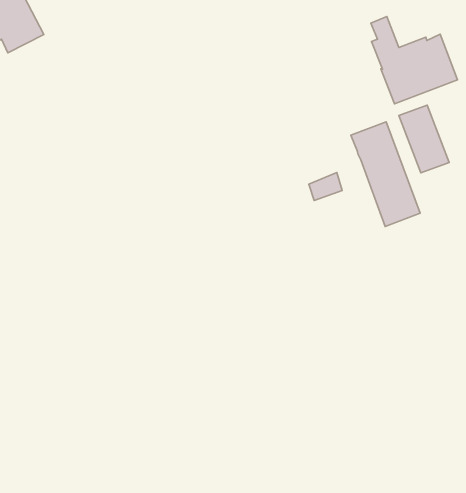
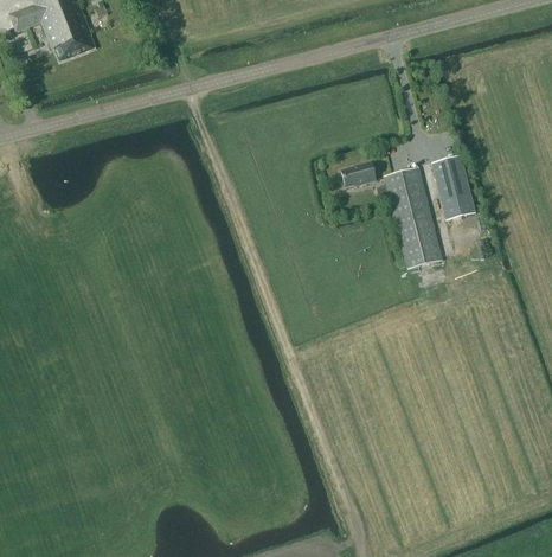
building: [371,17,458,104] -> none
building: [309,173,342,201] -> [341,161,373,186]

